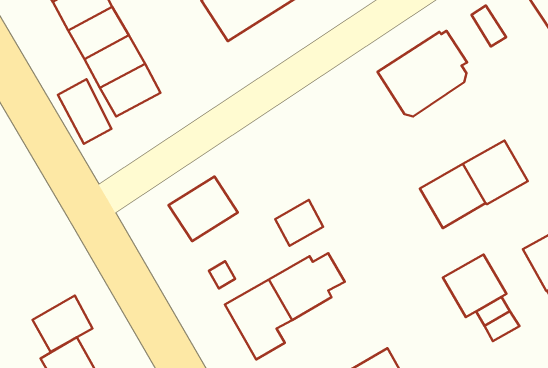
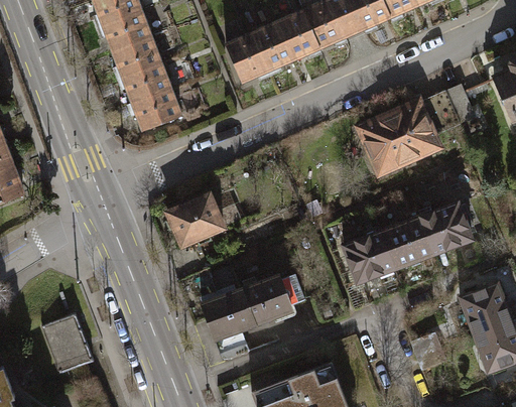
building: none -> [425,92,461,131]
building: [58,79,112,144] -> none
building: [275,200,323,246] -> none
building: [443,254,506,317] -> [345,231,396,281]
building: [33,296,92,352] -> none

